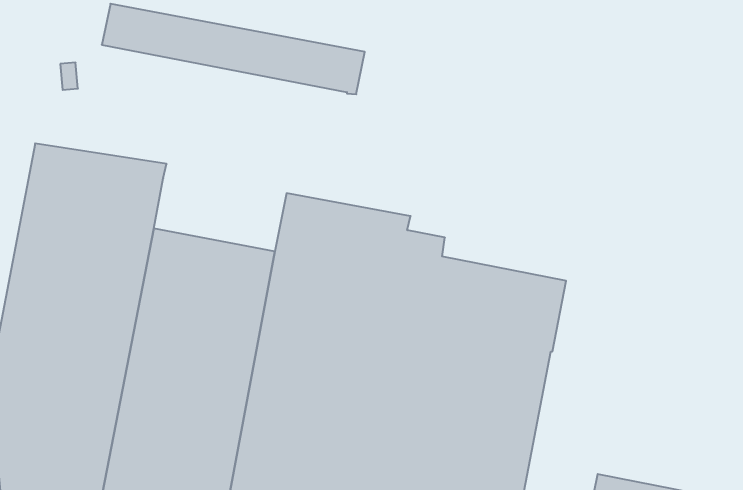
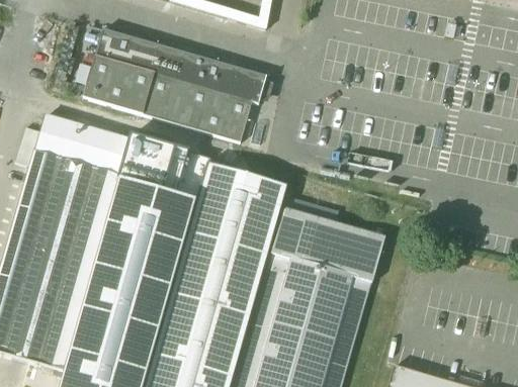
building: none -> [83,55,268,141]
building: none -> [117,136,207,200]

